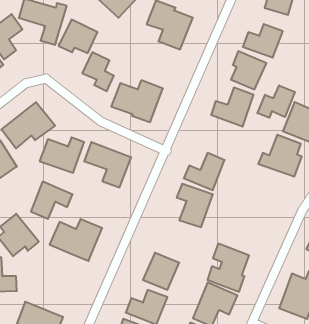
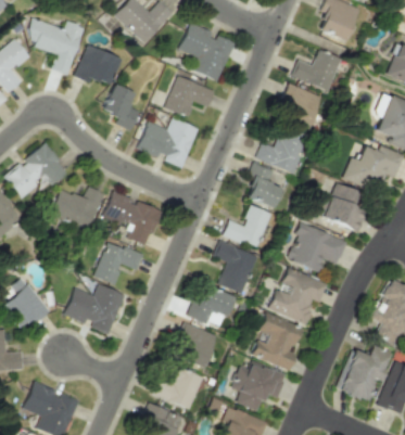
building: none -> [165,75,215,117]
building: [257,85,295,118] -> none
building: none -> [248,162,283,208]
building: none -> [288,222,347,270]
building: [31,182,73,219] -> [94,240,144,284]
building: none -> [270,268,328,322]
building: none -> [188,286,233,328]

